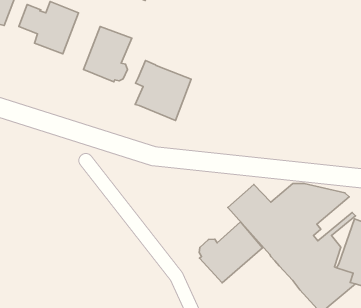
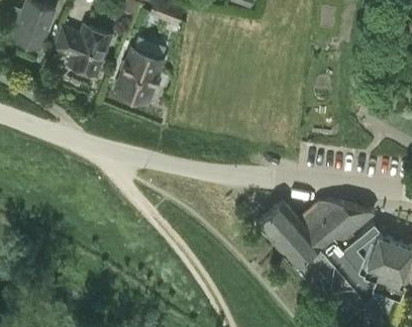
building: [135,61,191,120] -> none
building: [199,222,262,283] -> none

